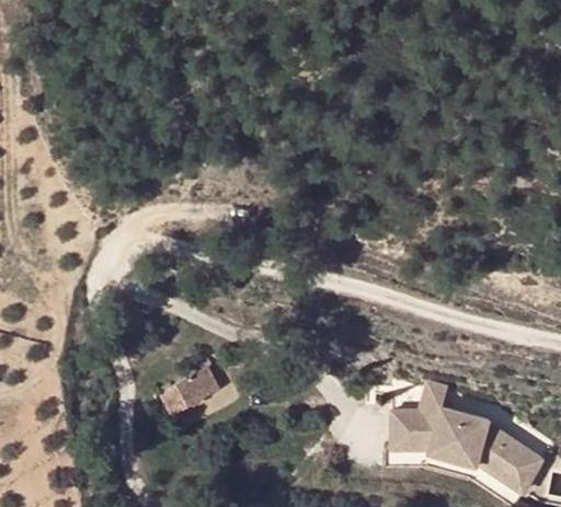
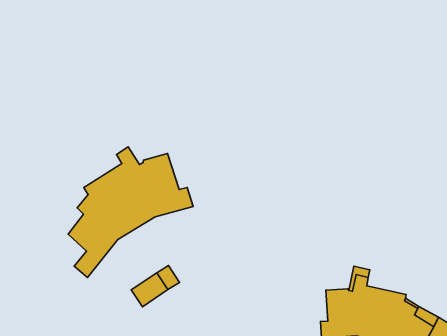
building: none -> [68,147,193,277]

